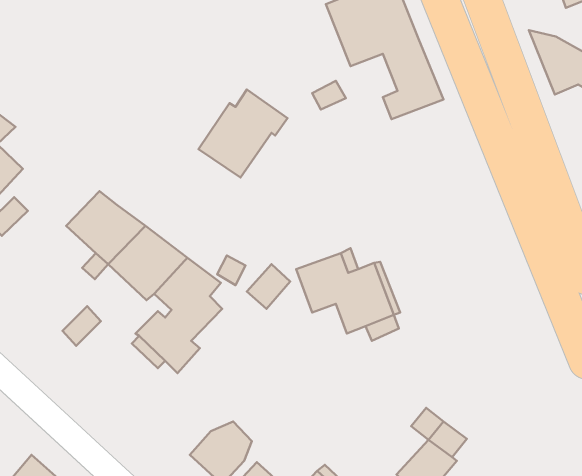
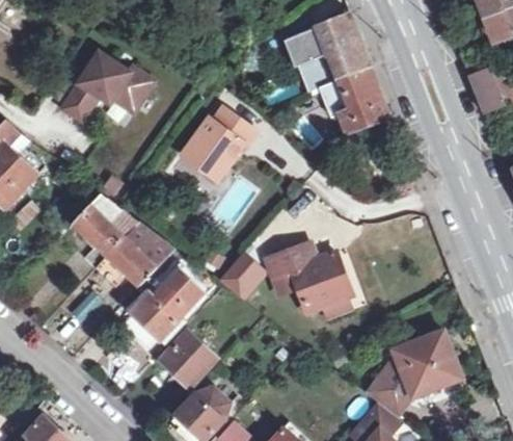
building: none -> [60,52,154,120]
building: none -> [393,331,460,396]
building: none -> [160,332,215,386]

